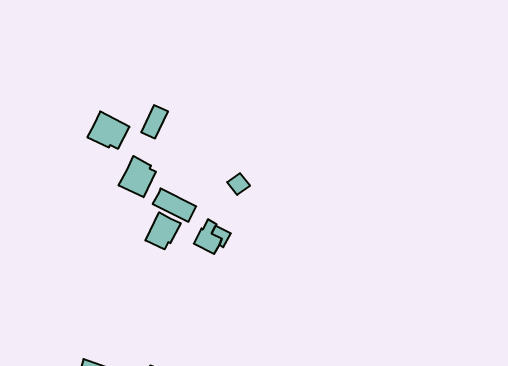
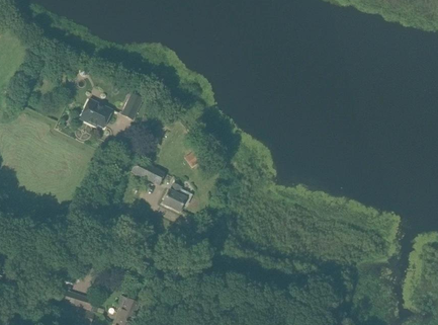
building: [119,156,156,197] -> none
building: [145,212,181,249] -> none

